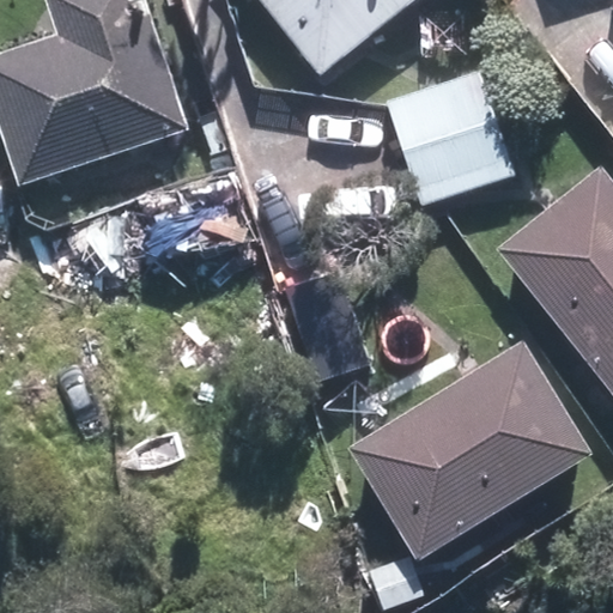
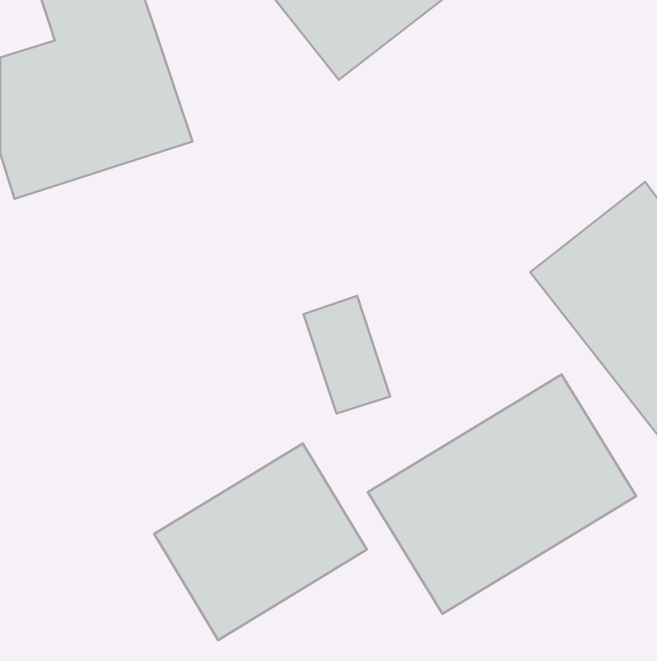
building: [388,69,514,204] -> none
building: none -> [154,444,367,640]

